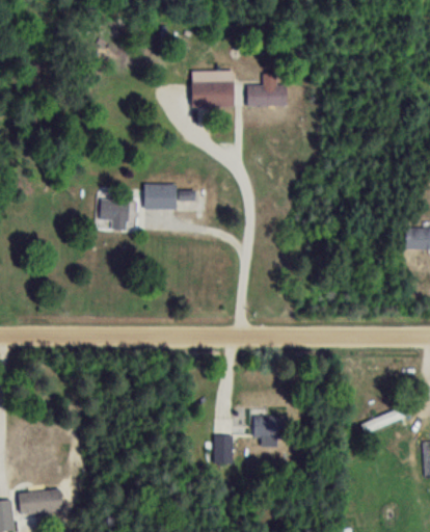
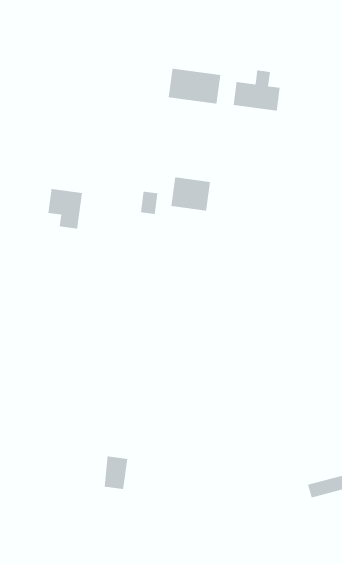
building: [144,184,177,210] -> [170,177,211,211]
building: [253,417,288,437] -> none
building: [214,436,233,463] -> [104,456,128,489]

